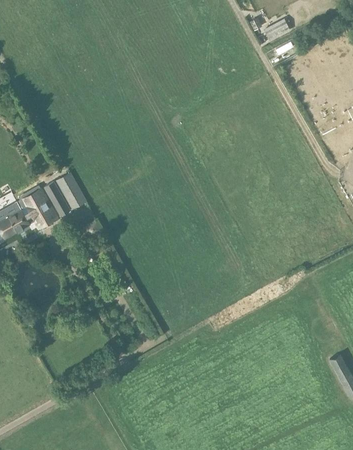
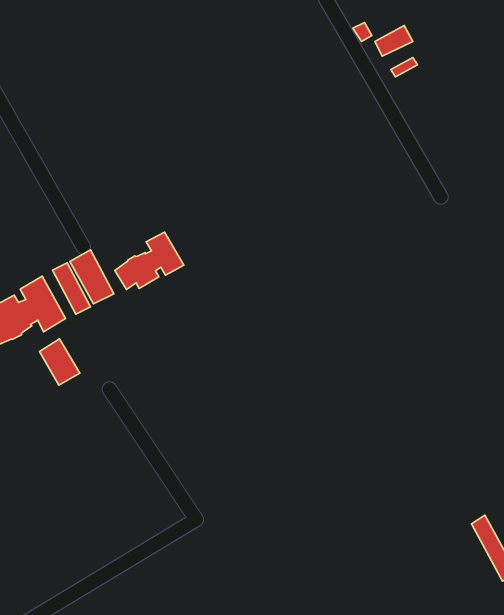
building: none -> [115,232,184,289]
building: none -> [39,339,80,385]

